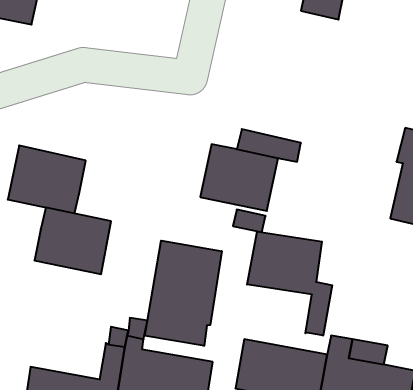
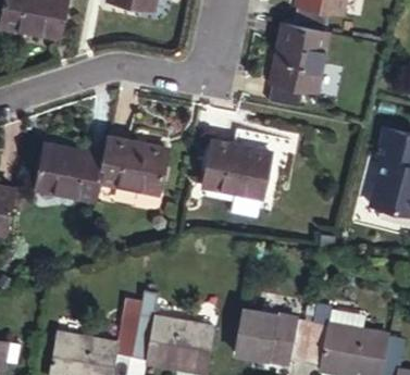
building: none -> [268,25,325,107]
building: [34,207,111,274] -> [99,137,165,195]
building: [247,232,332,336] -> none
building: [145,241,222,346] -> none

